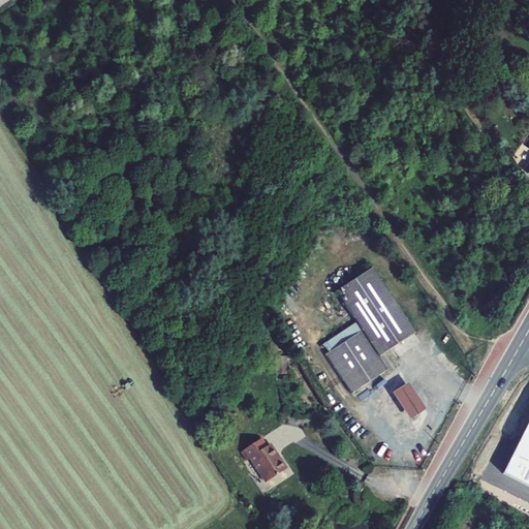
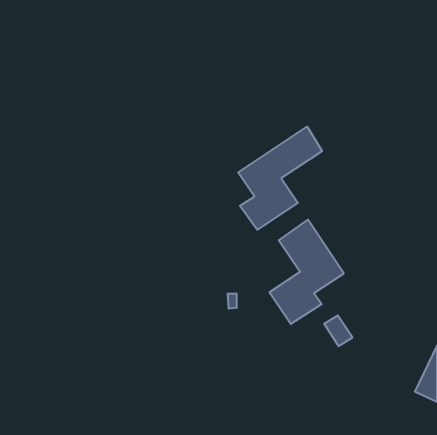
building: none -> [238,127,322,230]
building: [241,437,286,480] -> none

